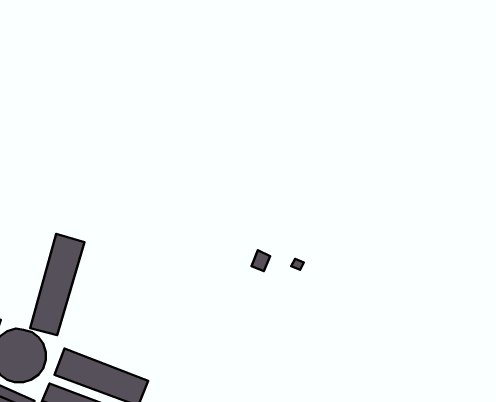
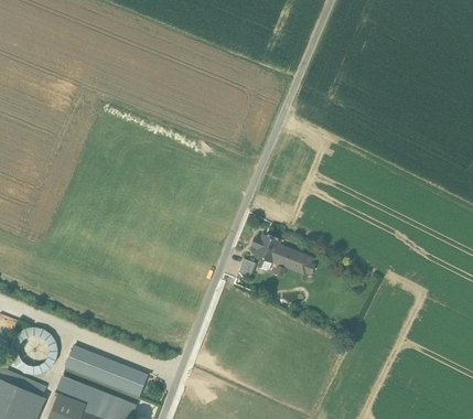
building: none -> [255,234,314,276]
building: [30,234,85,335] -> none

